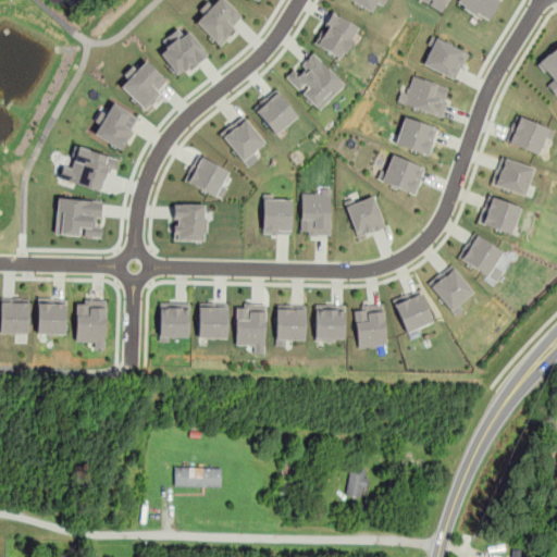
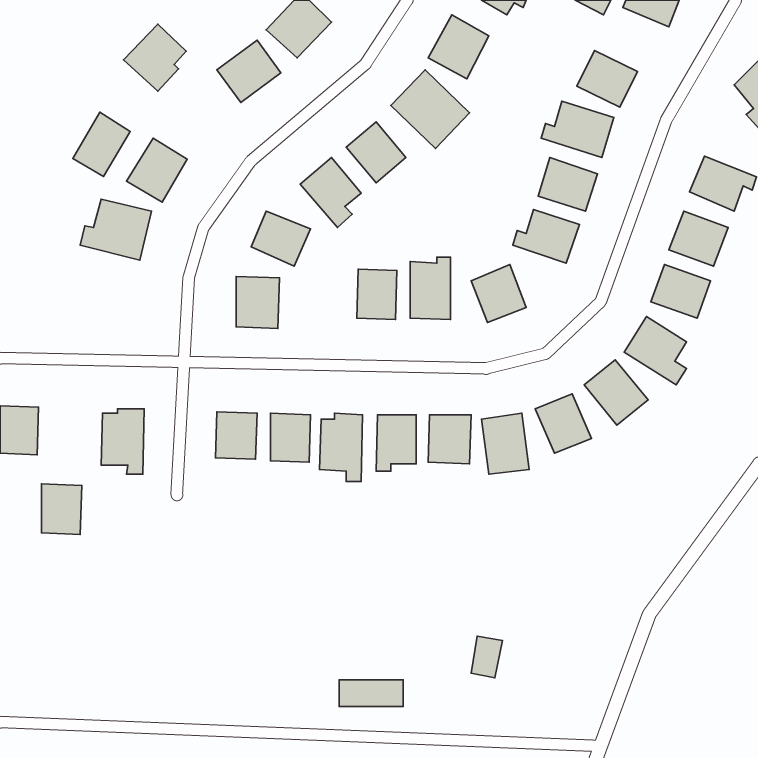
building: [121,61,166,110] -> [124,24,186,91]
building: none -> [73,112,130,176]
building: [54,197,104,238] -> none
building: [37,298,66,335] -> [42,484,82,534]
building: [174,467,221,486] -> [339,680,403,706]

